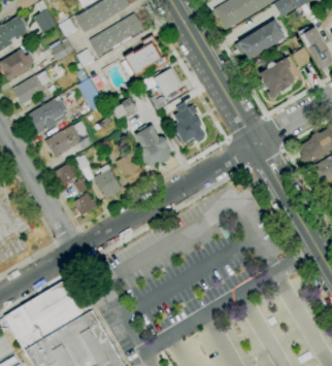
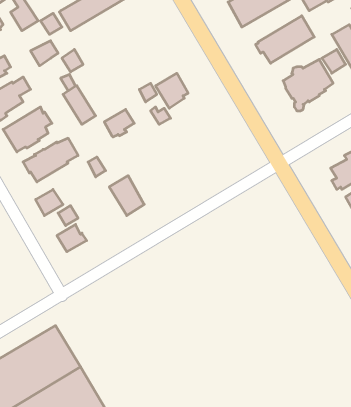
building: [89,13,143,57] -> none
building: [123,34,169,77] -> none
building: [172,102,204,146] -> none
building: [134,125,170,167] -> none
building: [93,164,123,199] -> none

